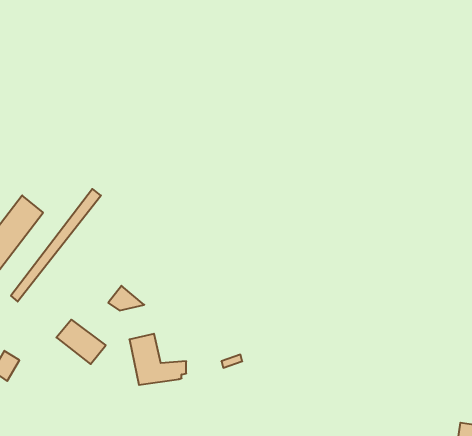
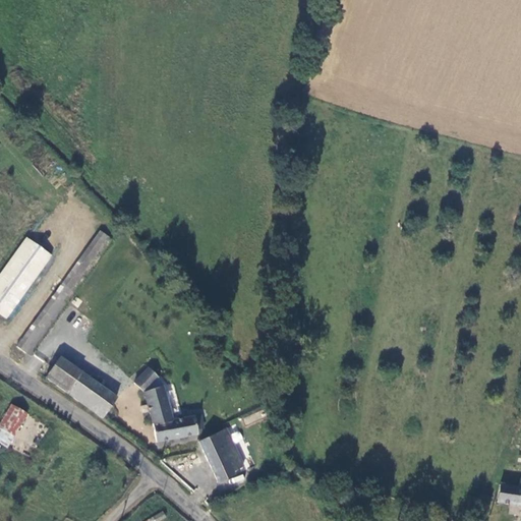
building: [108,286,144,310] -> [132,365,171,392]
building: none -> [48,355,82,390]
building: none -> [200,425,243,480]

